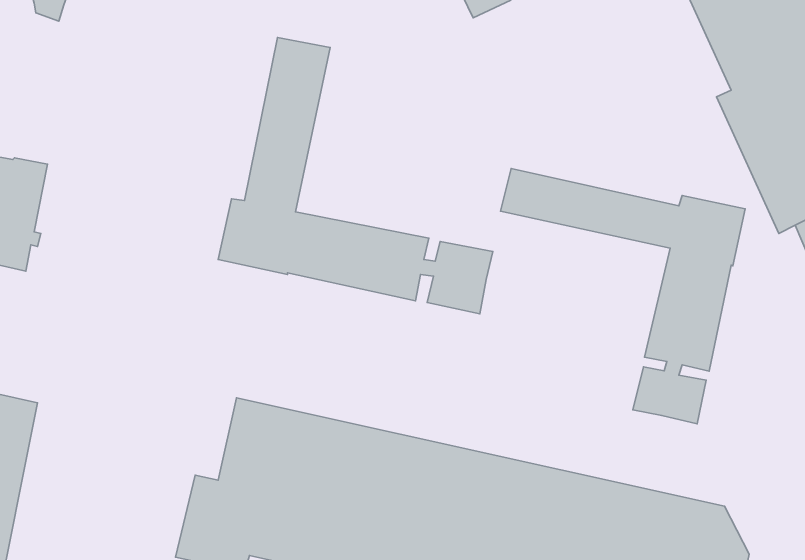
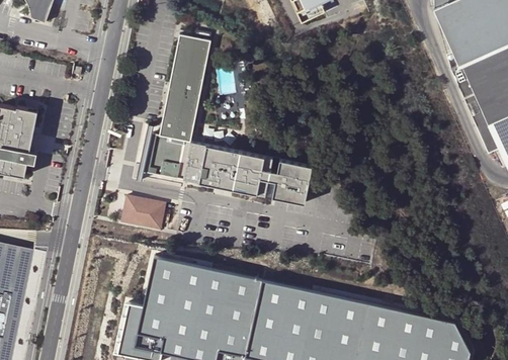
building: [501,168,745,424] -> none
building: none -> [123,196,166,229]

